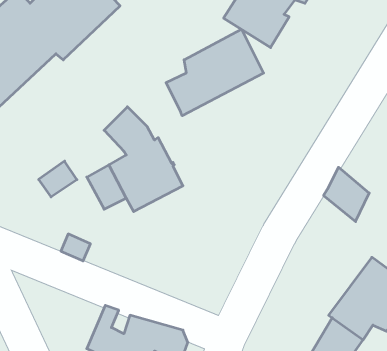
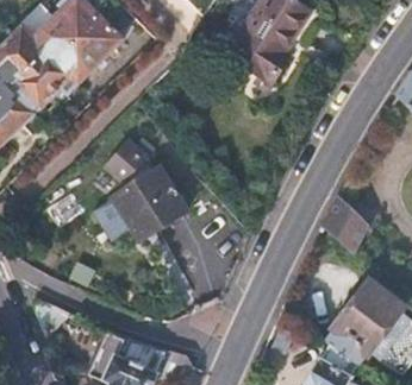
building: [166,29,264,116] -> none

